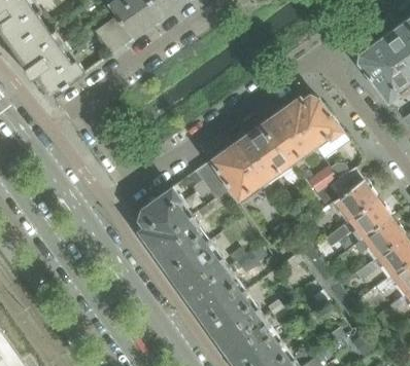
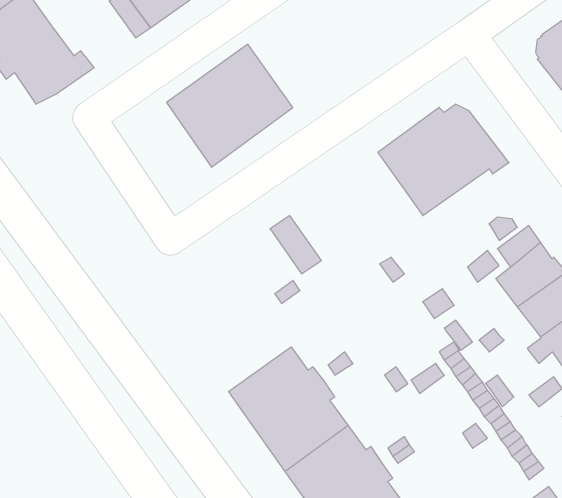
building: [210,124,288,200] -> [167,44,293,167]
building: [138,188,207,272] -> none

